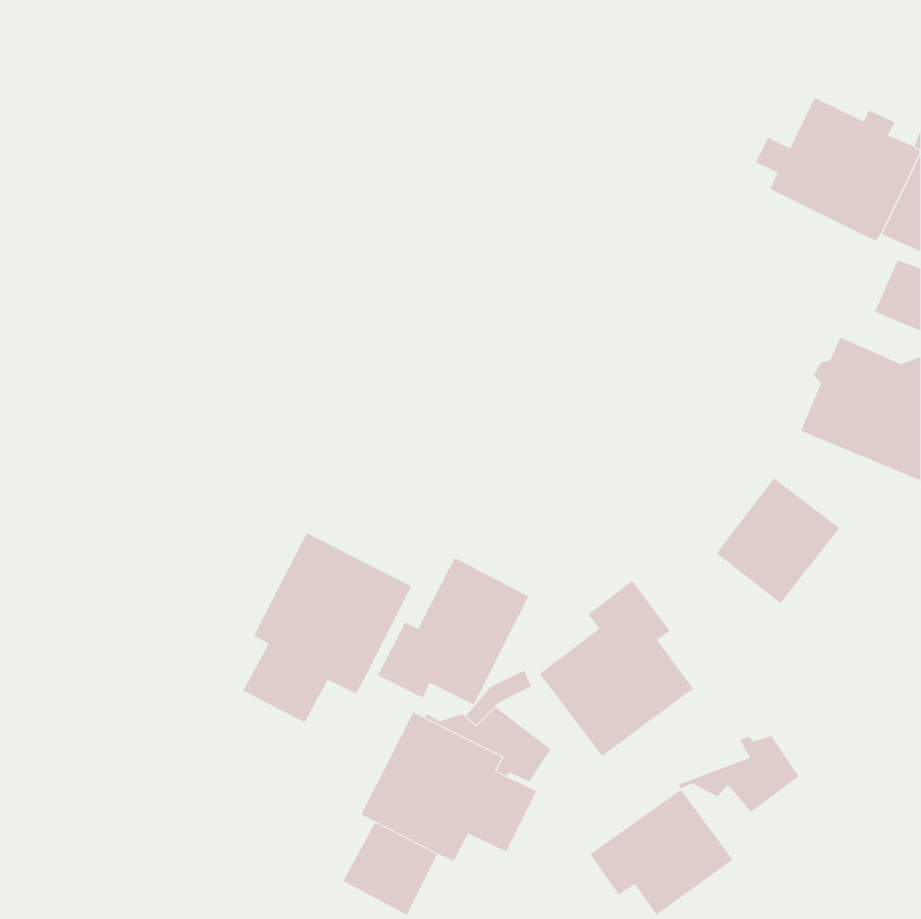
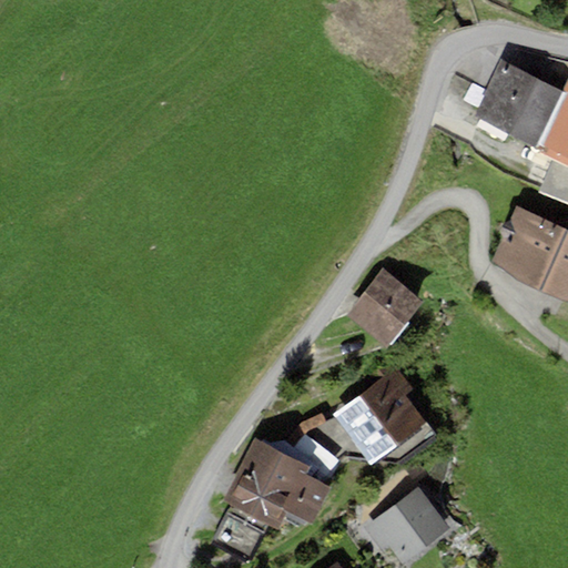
building: [716,478,840,604] -> [347,270,424,347]
building: [242,532,412,723] -> none
building: [377,557,529,705] -> none
building: [677,735,799,813] -> none

